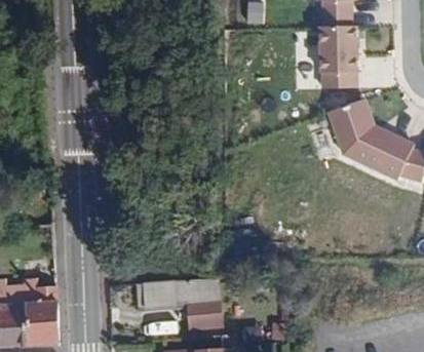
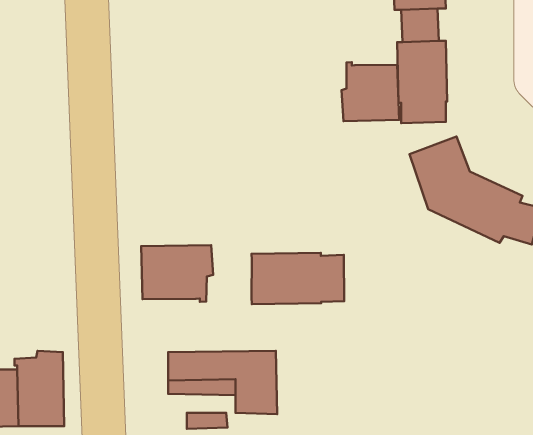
building: none -> [341,62,399,121]
building: none -> [141,245,213,302]
building: none -> [252,253,344,304]

